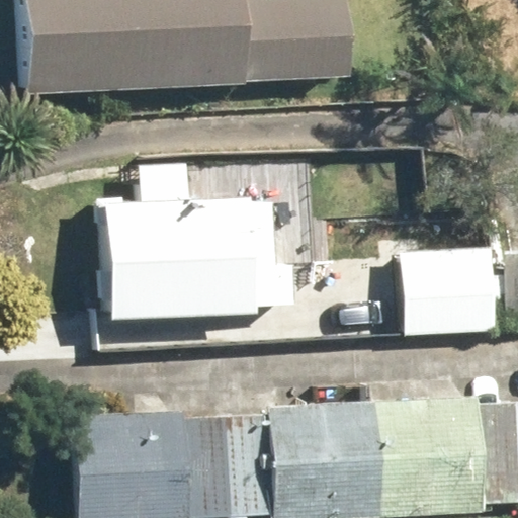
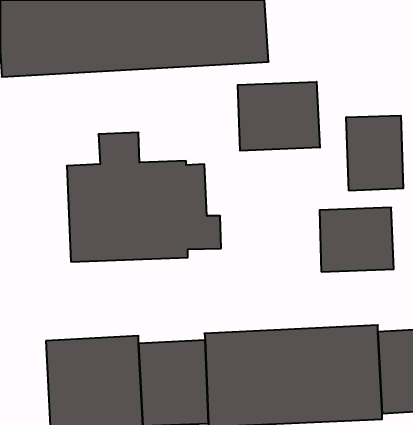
building: none -> [238,82,320,151]
building: none -> [346,116,403,191]

